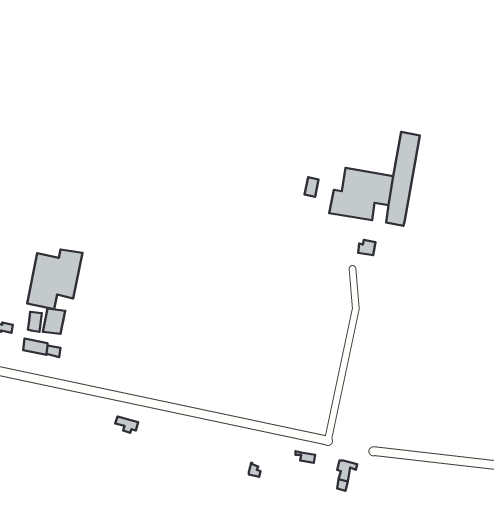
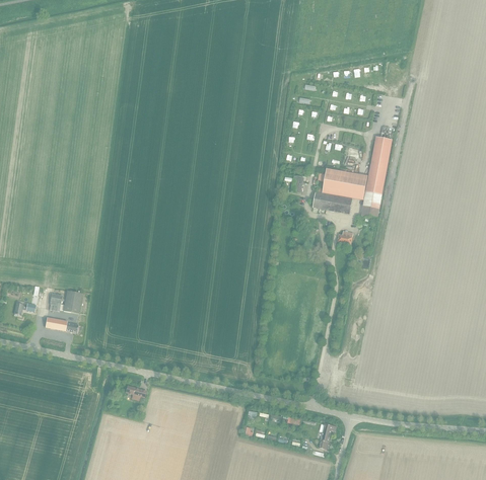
building: [27,249,83,309] -> none

